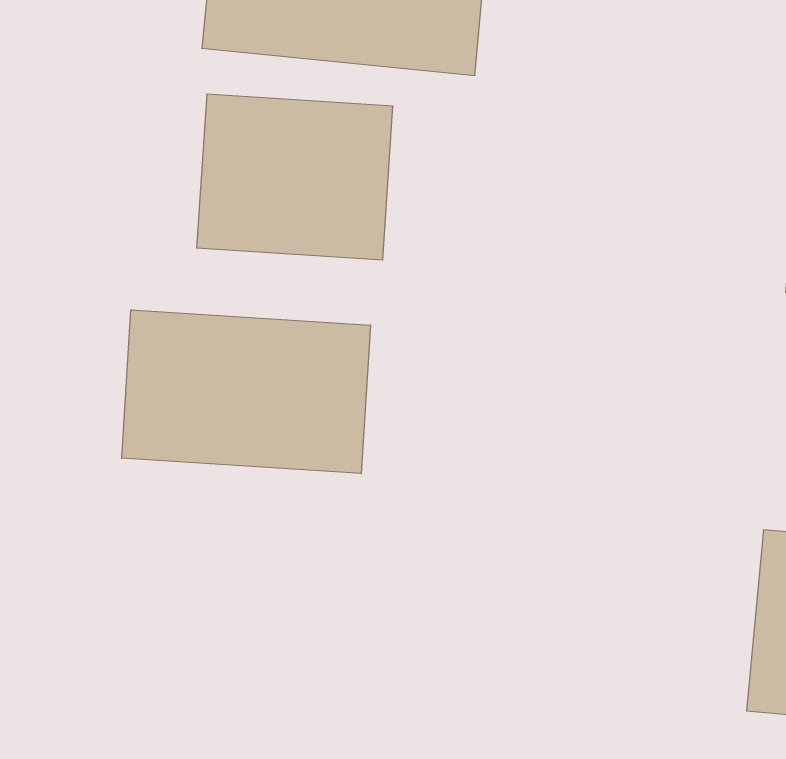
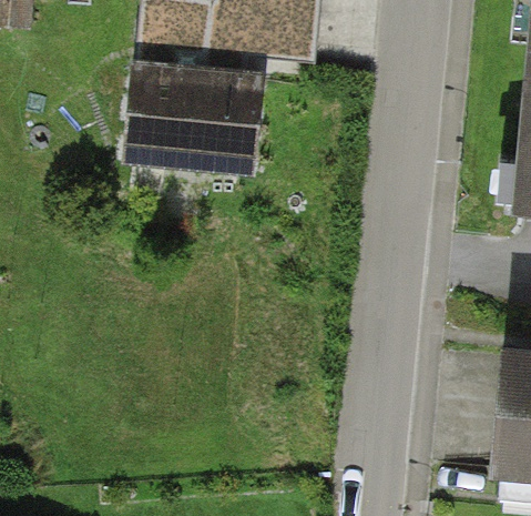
building: [122,310,370,474] -> none

